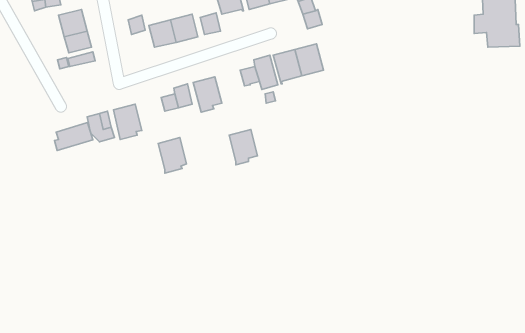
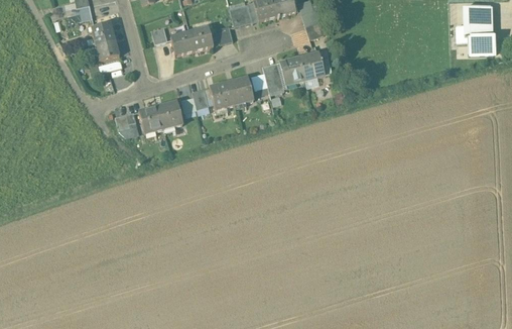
building: [54,123,93,151] -> none
building: [229,130,258,165] -> [229,76,254,107]
building: [158,138,187,173] -> [158,100,183,131]

